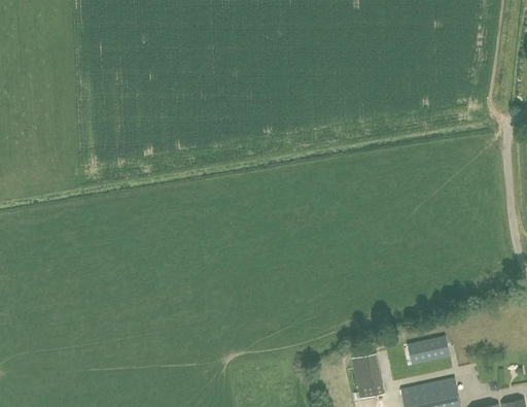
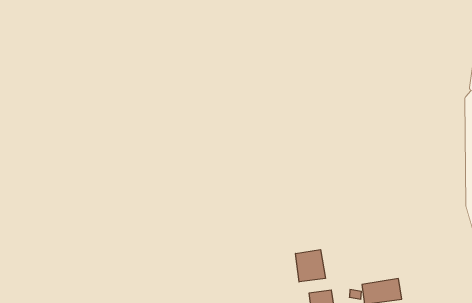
building: none -> [296,250,325,282]

